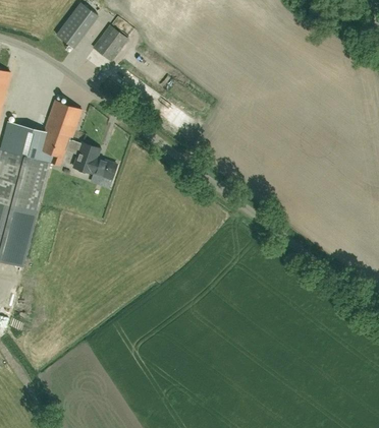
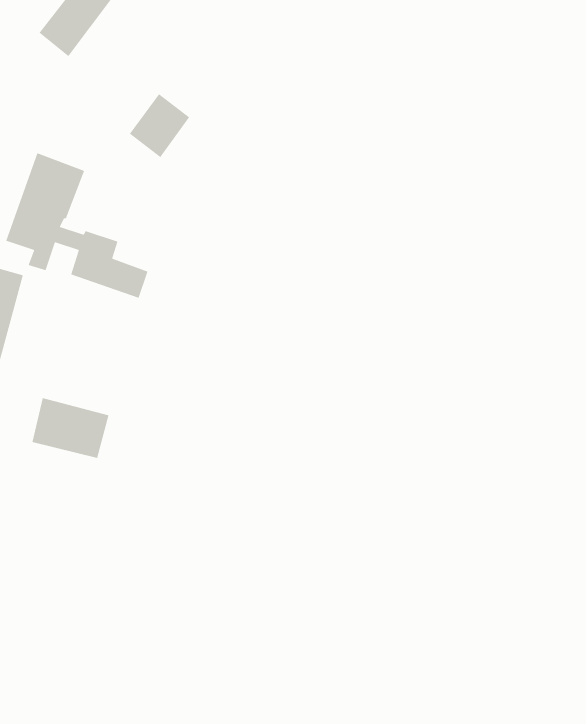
building: [94,25,127,61] -> [129,93,190,158]
building: none -> [32,397,110,459]

